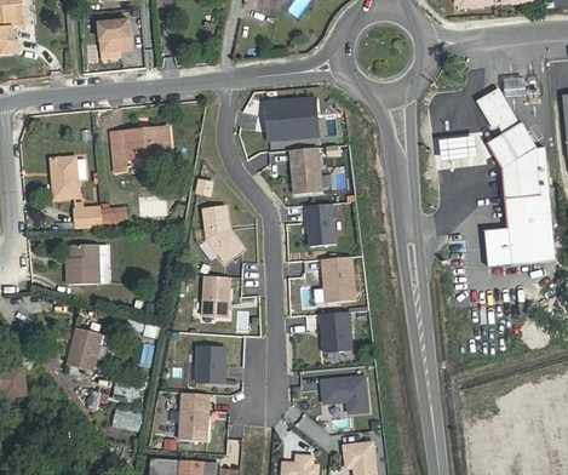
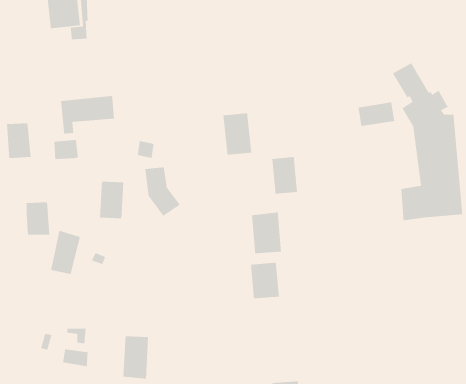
building: [264,97,319,141] -> none
building: [306,204,335,246] -> [272,156,298,195]
building: [74,205,102,228] -> [53,139,79,160]
building: [202,275,230,317] -> [99,181,124,219]
building: [67,328,101,378] -> [50,230,81,275]
building: [195,345,225,383] -> none
building: [321,374,369,414] -> none

